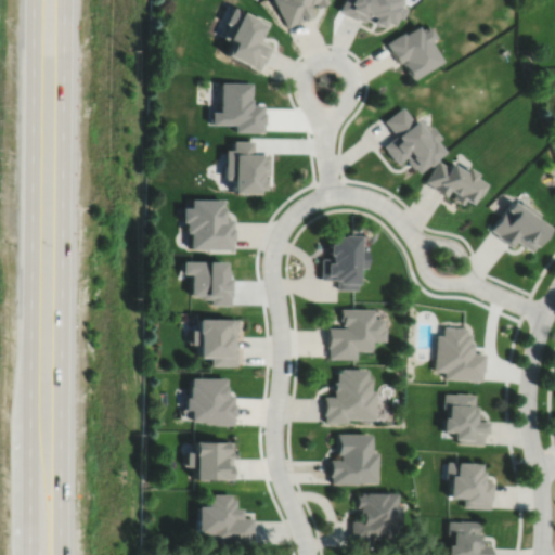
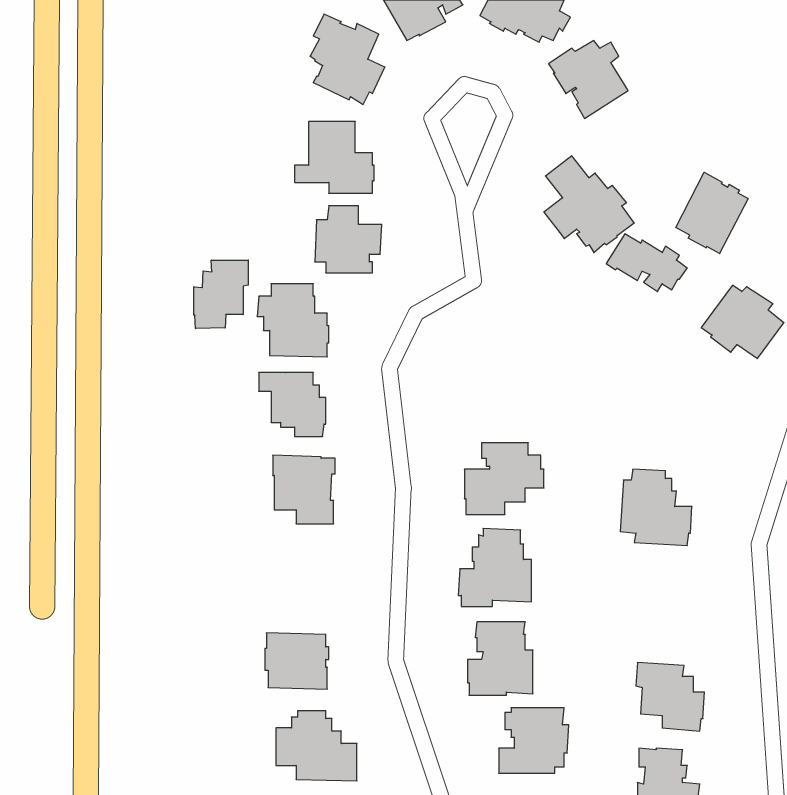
building: none -> [676,172,748,254]
building: none -> [194,260,248,329]
building: [323,233,369,289] -> none
building: [190,378,236,425] -> none
building: [446,393,490,446] -> none

